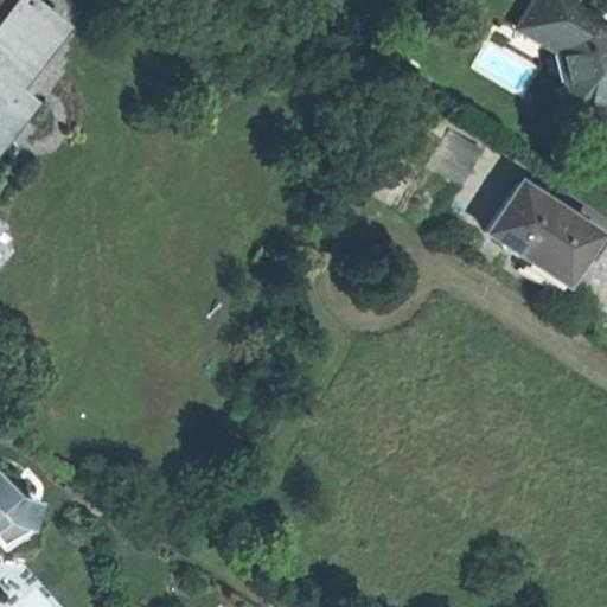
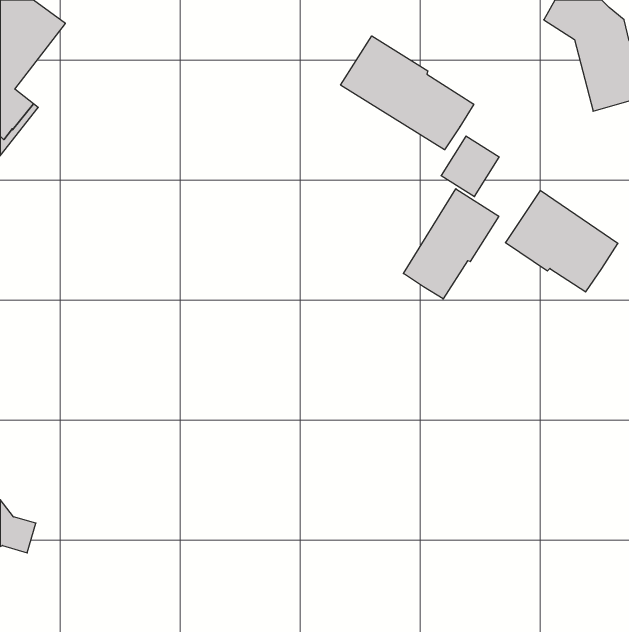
building: none -> [341,36,474,150]
building: none -> [403,189,499,299]

